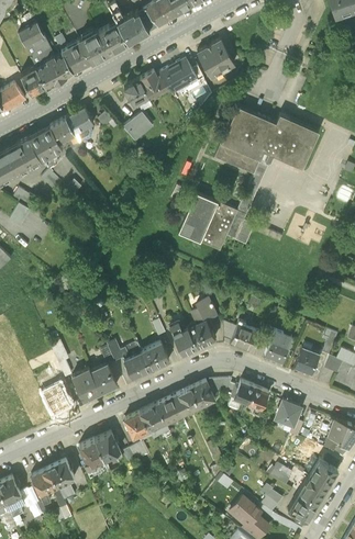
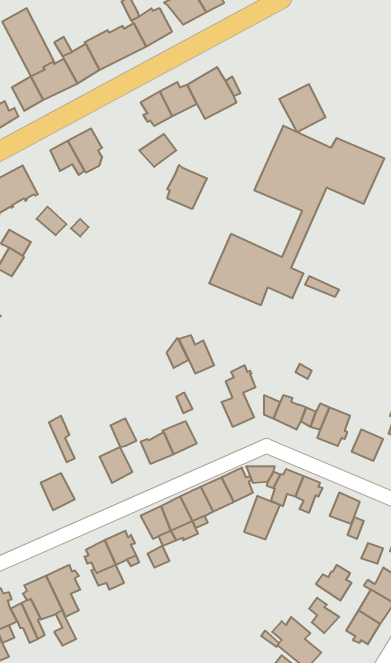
building: [197,40,234,78] -> [279,84,326,132]
building: [30,125,63,166] -> none
building: none -> [167,165,207,209]
building: [169,323,198,353] -> [179,335,214,373]
building: [73,368,101,400] -> none
building: none -> [244,496,280,540]

